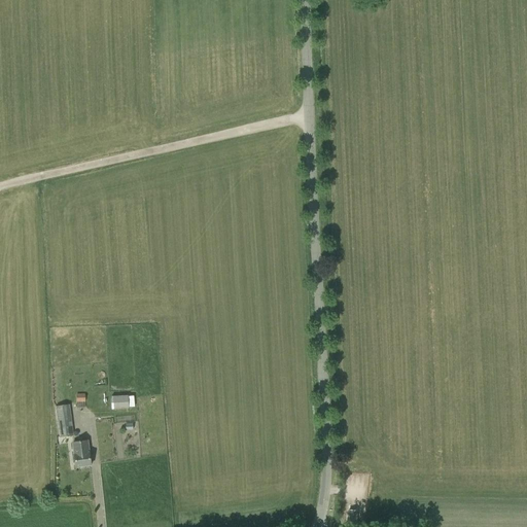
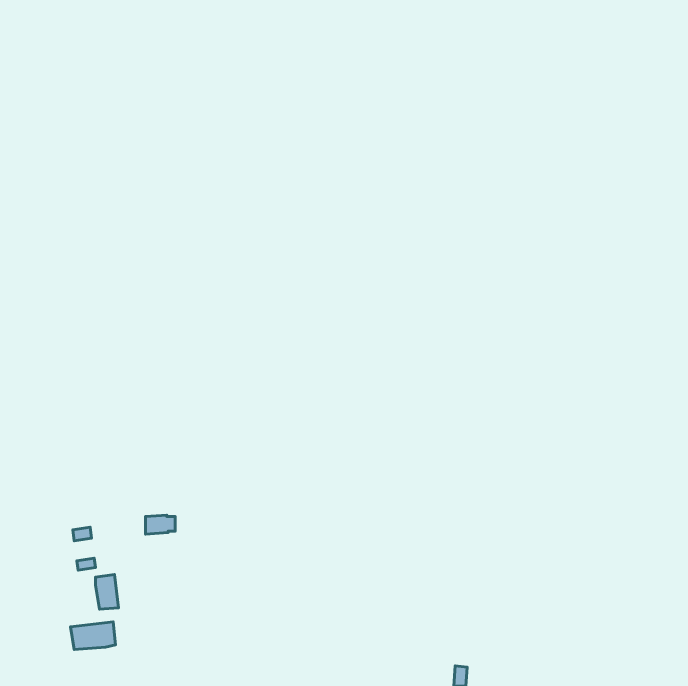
building: none -> [70,622,115,649]

